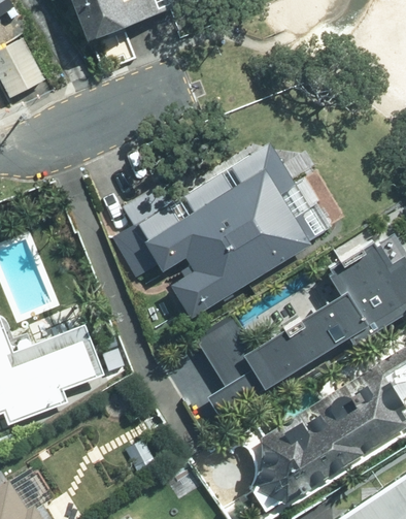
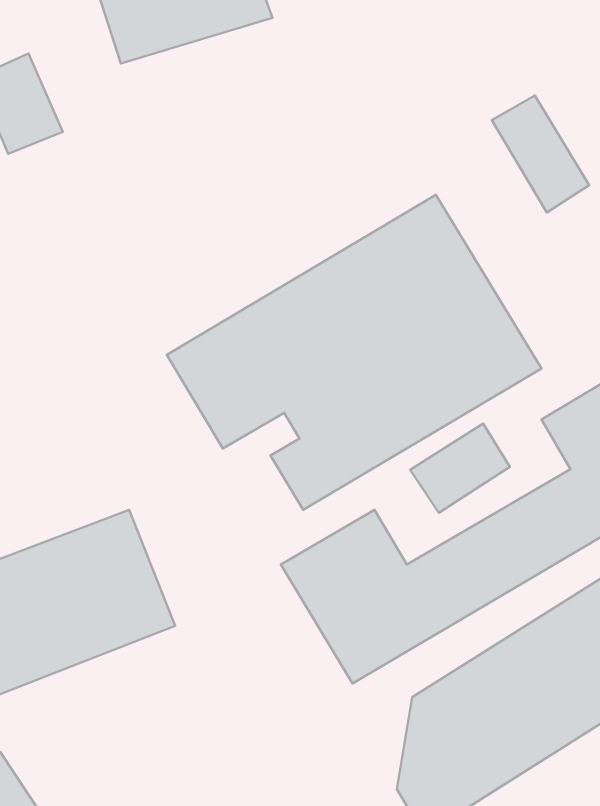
building: none -> [492,96,589,212]
building: none -> [410,424,510,513]

